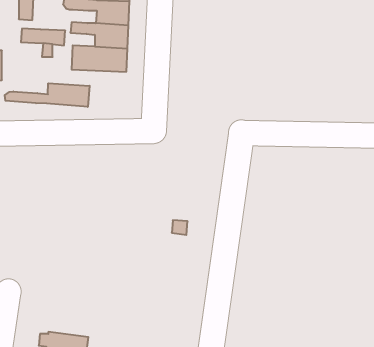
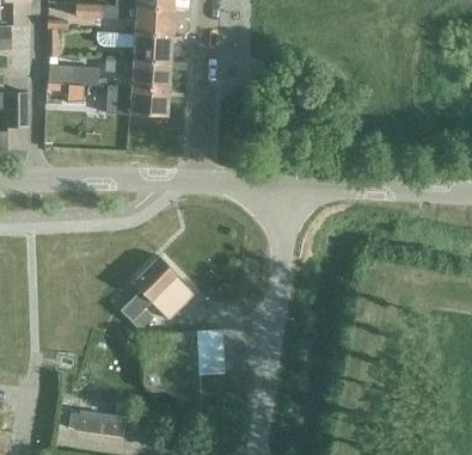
building: [5,83,90,107] -> none
building: none -> [119,257,190,321]
building: none -> [198,330,225,375]

